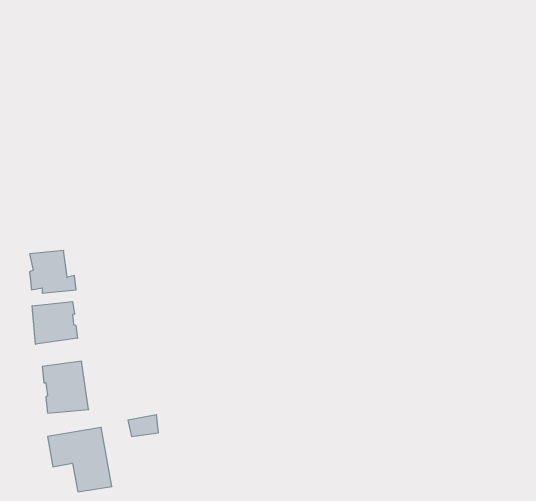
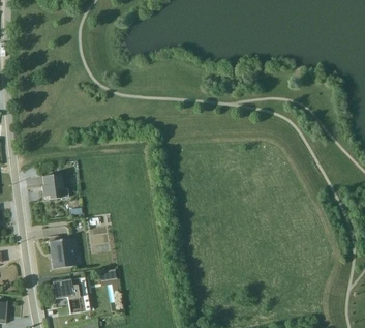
building: [32,302,77,344] -> none

